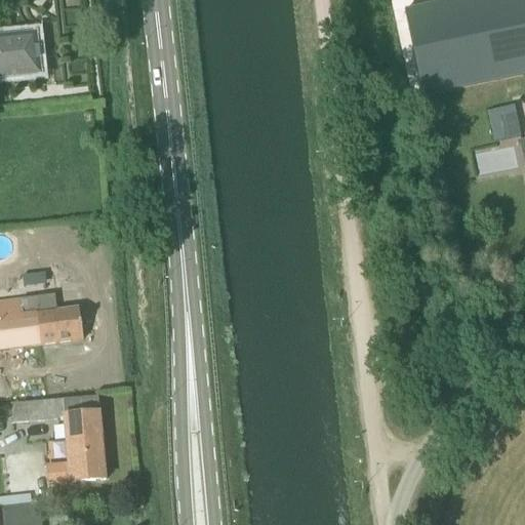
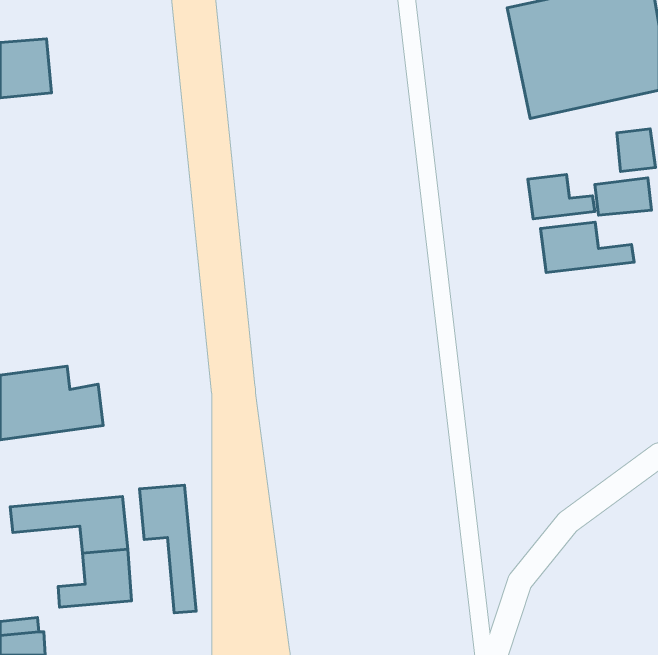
building: none -> [528,174,595,219]
building: none -> [540,222,634,272]
building: none -> [139,485,196,613]

